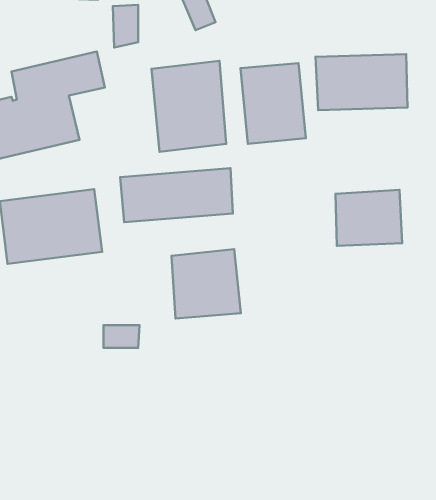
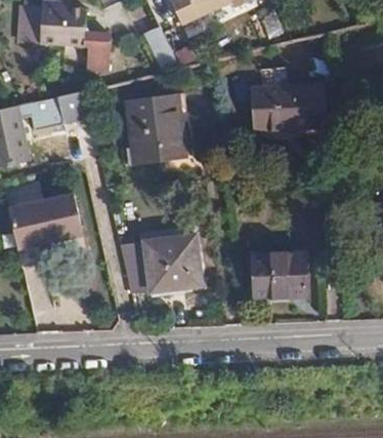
building: [240,63,306,144] -> none
building: [120,168,233,222] -> none
building: [335,190,402,246] -> [253,255,304,298]

